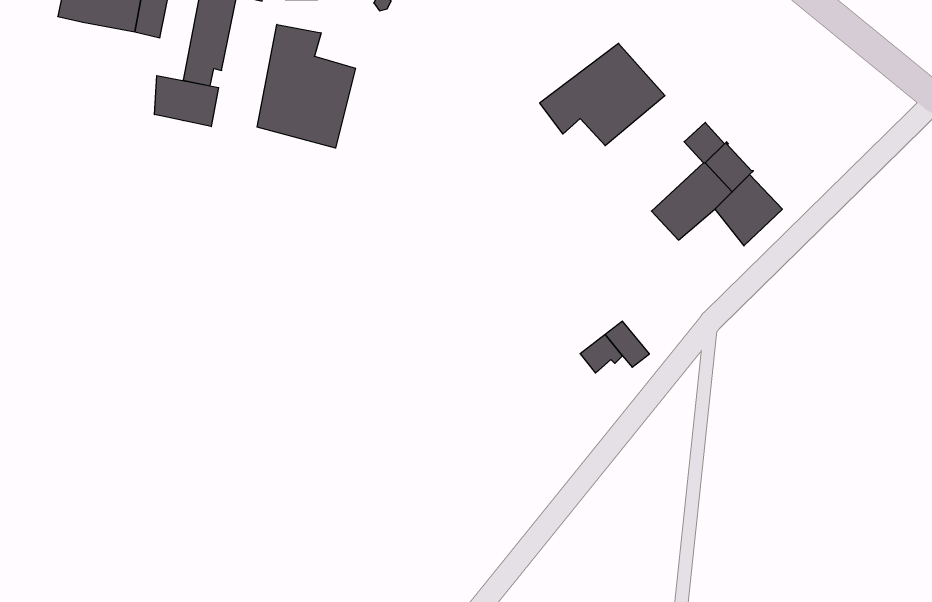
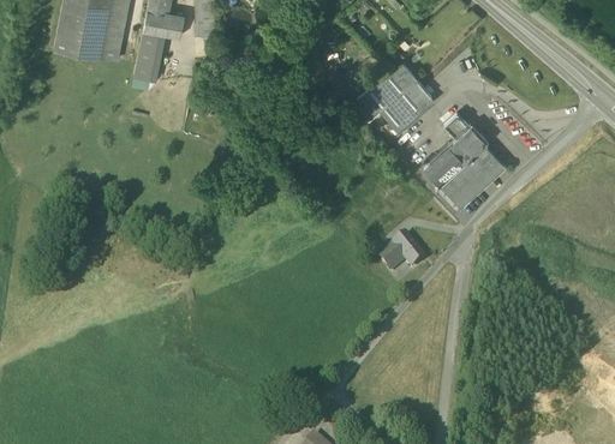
building: [257,24,356,148] -> none
building: [154,76,219,127] -> none
building: none -> [441,168,482,210]

